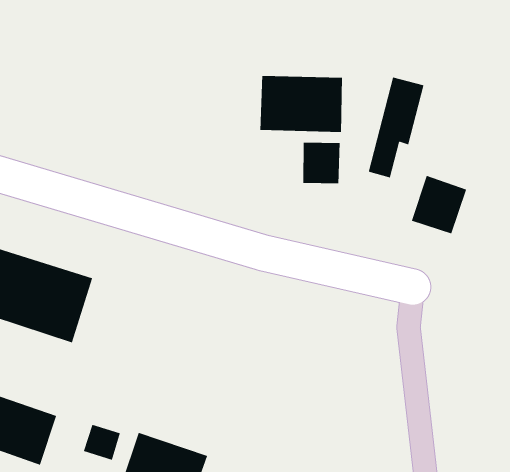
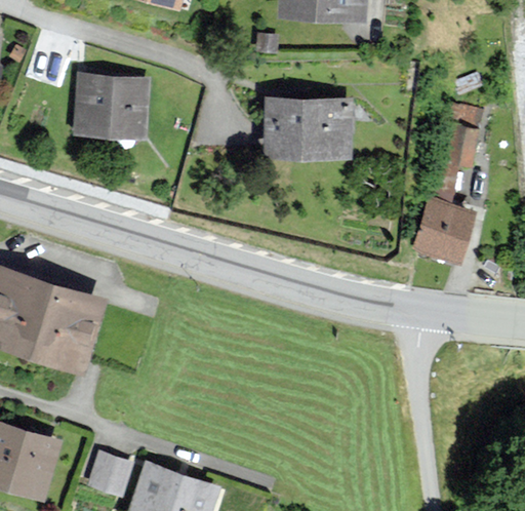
building: none -> [77,79,147,140]
building: [368,77,424,178] -> [428,95,484,197]
building: [302,142,341,184] -> none

